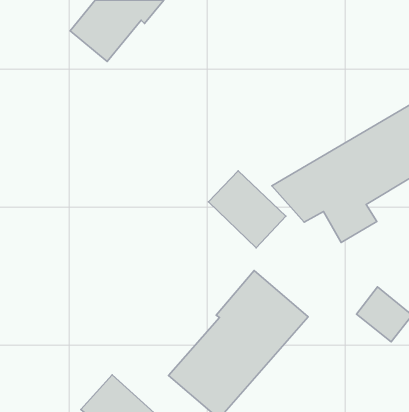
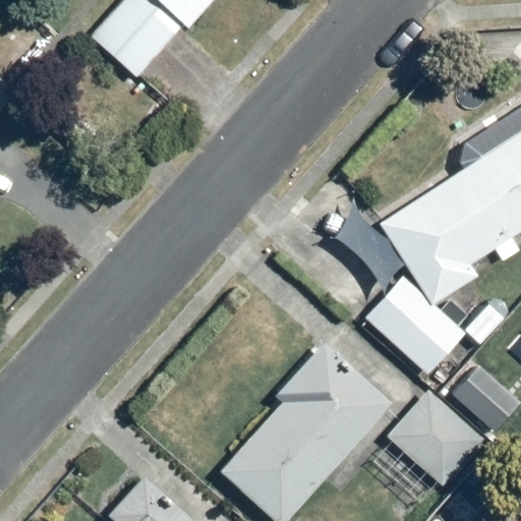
building: [208,171,286,248] -> [364,281,462,378]
building: none -> [391,391,483,484]

